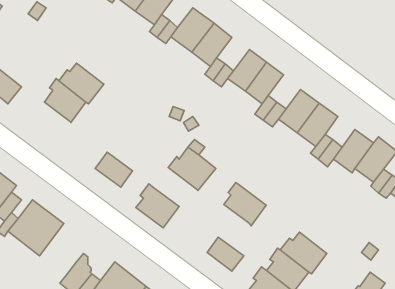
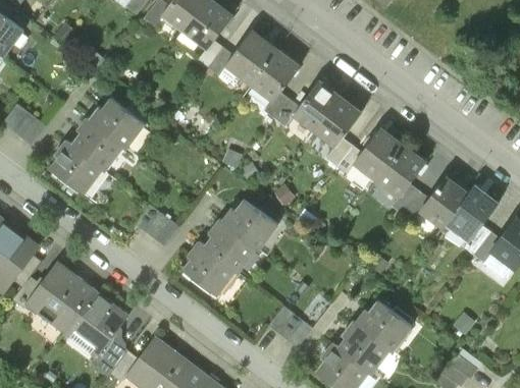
building: none -> [50,140,102,191]
building: [224,182,266,226] -> [204,221,255,273]
building: none -> [66,290,127,353]

